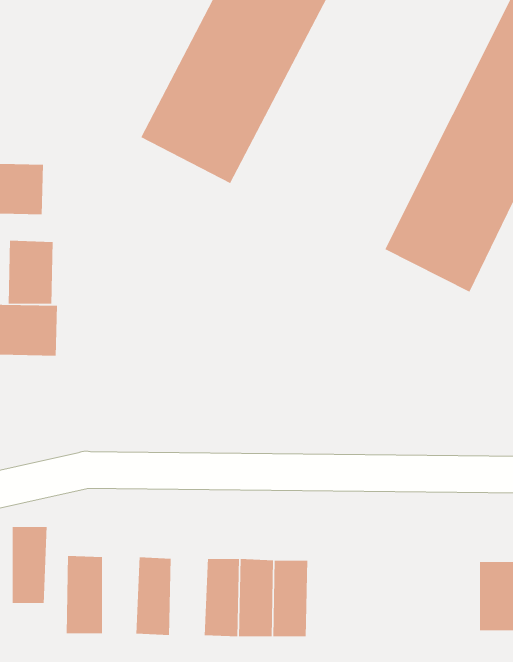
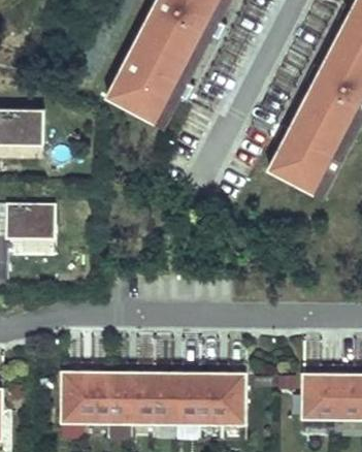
building: [8,240,53,304] -> none
building: [12,526,47,604] -> [84,372,107,423]
building: none -> [128,373,153,424]
building: none -> [219,374,244,426]
building: none -> [299,375,333,421]

